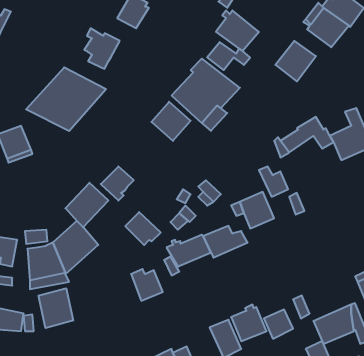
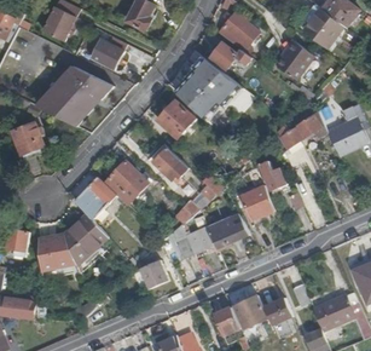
building: none -> [41,7,76,42]
building: [125,212,161,245] -> [153,148,187,179]
building: [39,288,73,328] -> none

